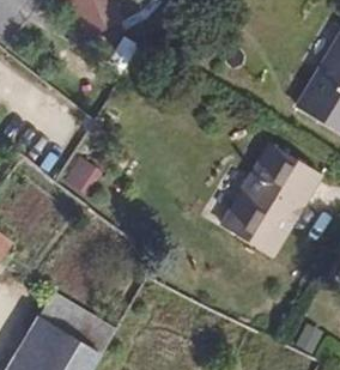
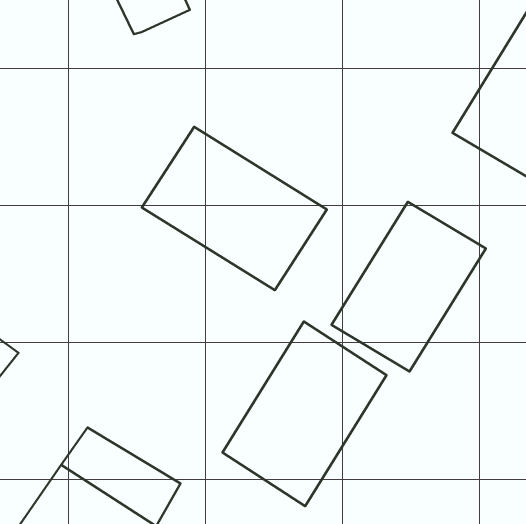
building: none -> [142,127,327,290]
building: none -> [223,322,386,506]

